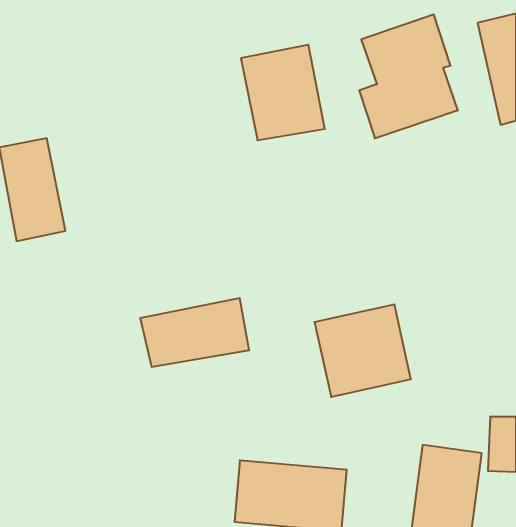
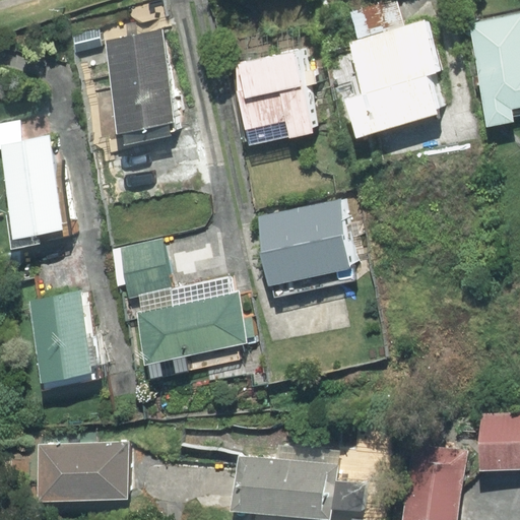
building: none -> [100,29,177,132]
building: none -> [115,242,165,299]
building: none -> [29,290,95,381]
building: [314,304,411,397] -> [260,198,354,288]
building: none -> [35,444,131,503]

